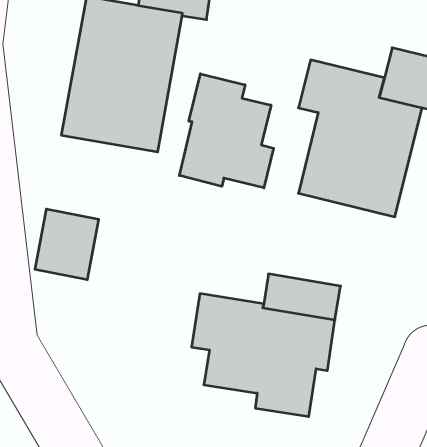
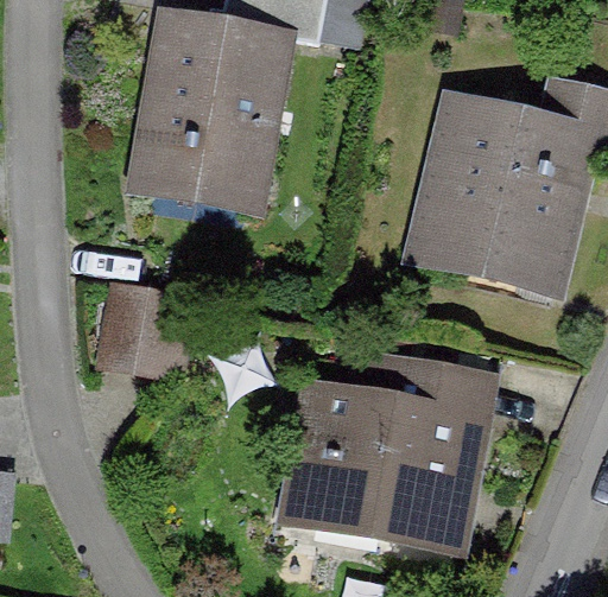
building: [179,74,274,188] -> none

